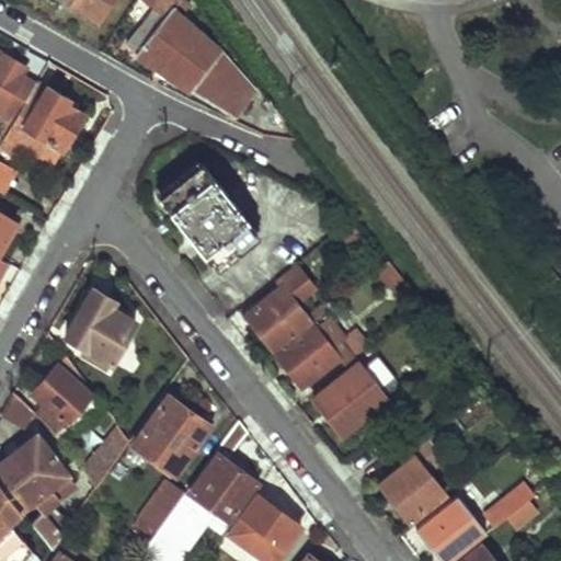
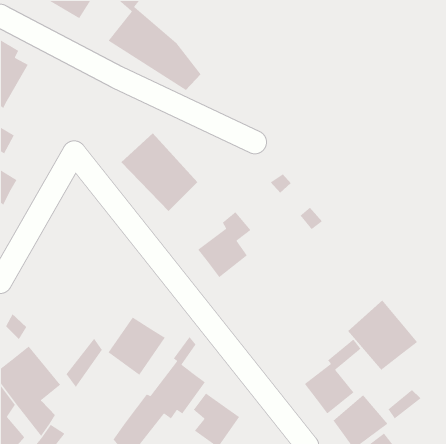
building: [8,83,78,156] -> none
building: [65,287,134,363] -> none
building: [275,316,373,389] -> none
building: [32,334,101,433] -> none
building: [316,358,374,435] -> none
building: none -> [347,299,418,371]
building: [133,477,184,533] -> none

